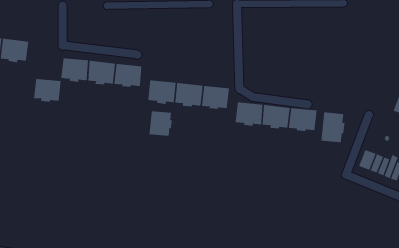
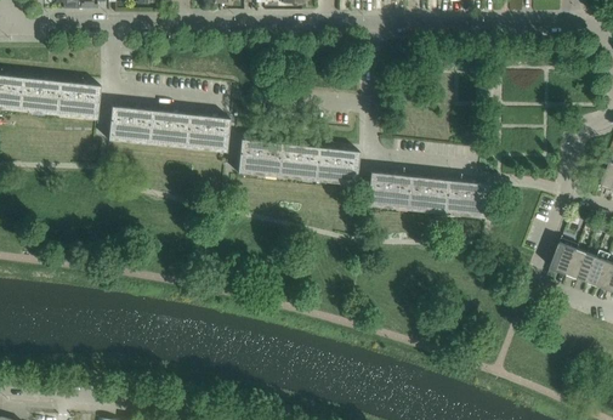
building: [33,78,62,104] -> [58,83,101,120]
building: [149,110,172,137] -> none
building: [321,111,346,143] -> none

